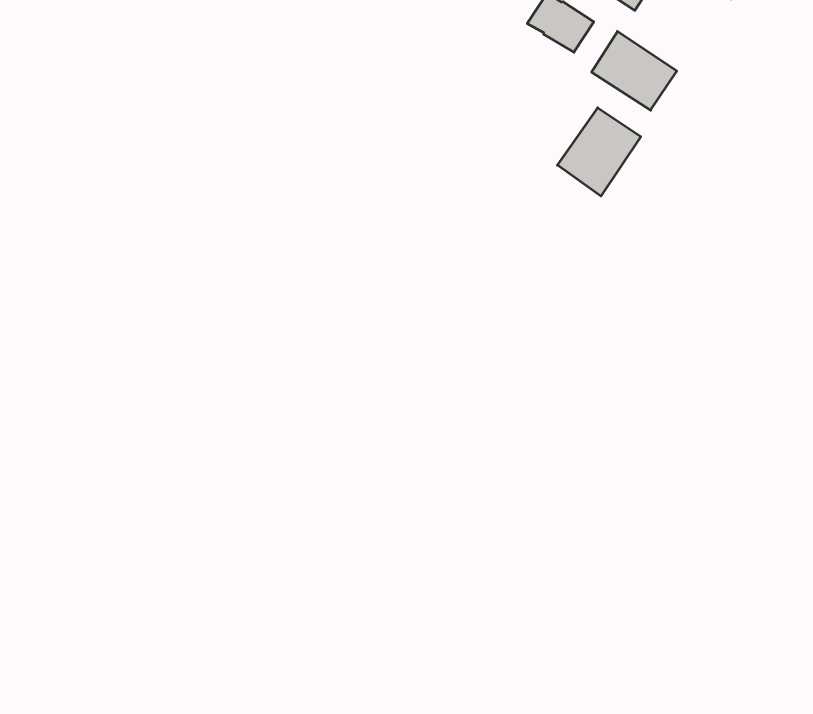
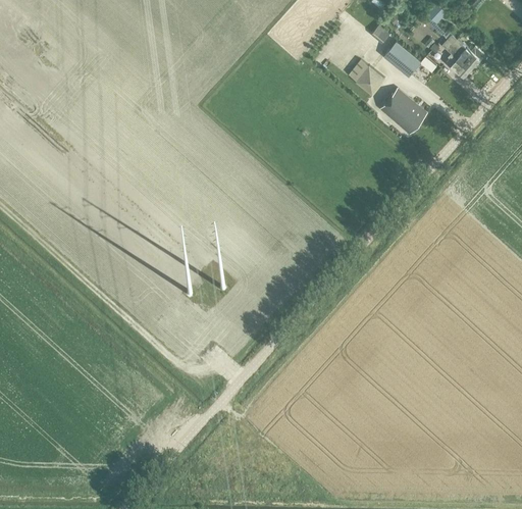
building: [557,108,641,196] -> none

